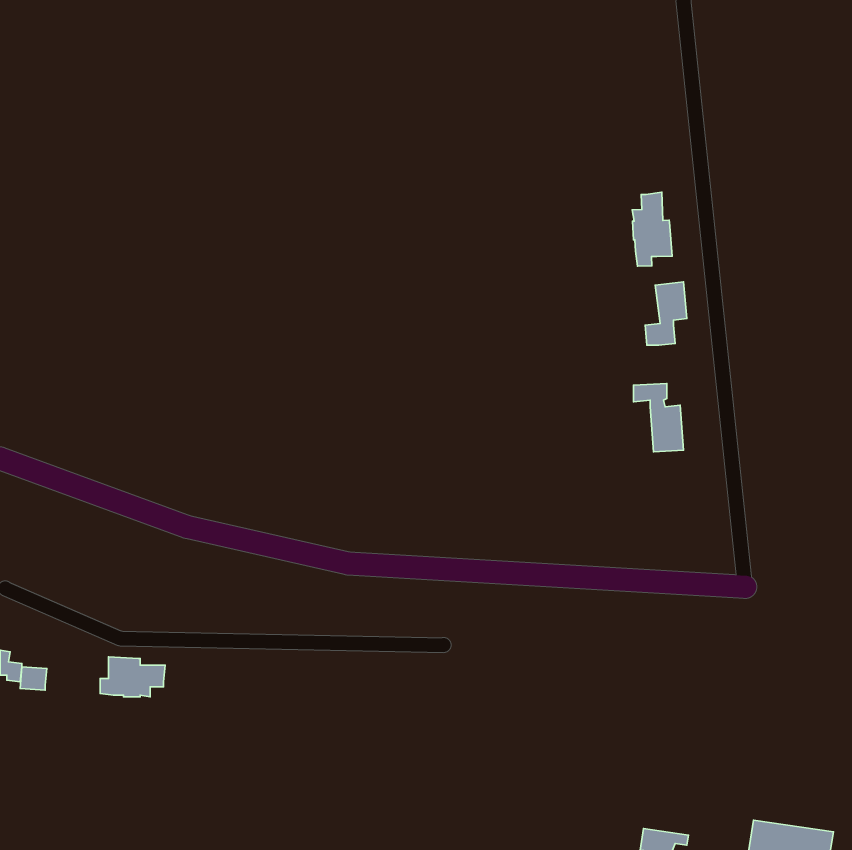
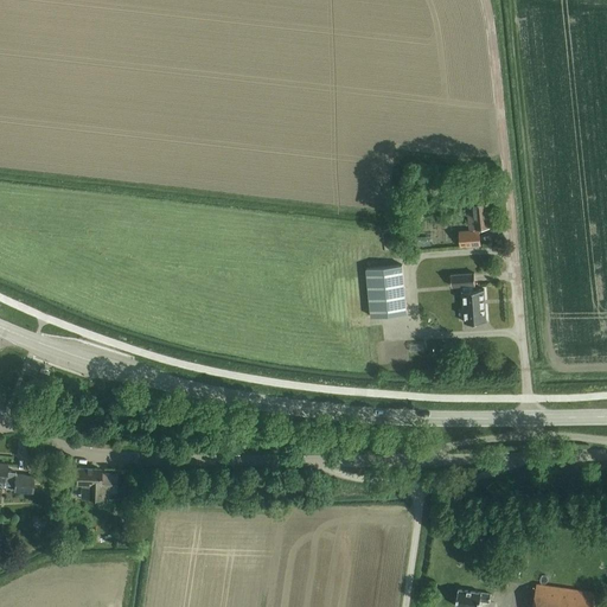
building: [632,192,672,266] -> none
building: none -> [362,266,407,318]

